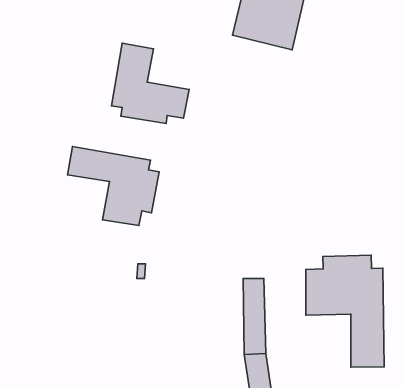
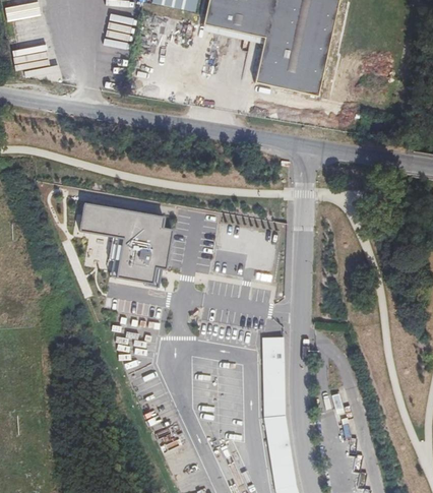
building: [111,43,189,123] -> none
building: [306,255,384,367] -> none

